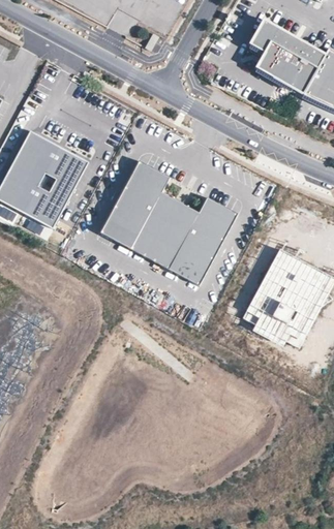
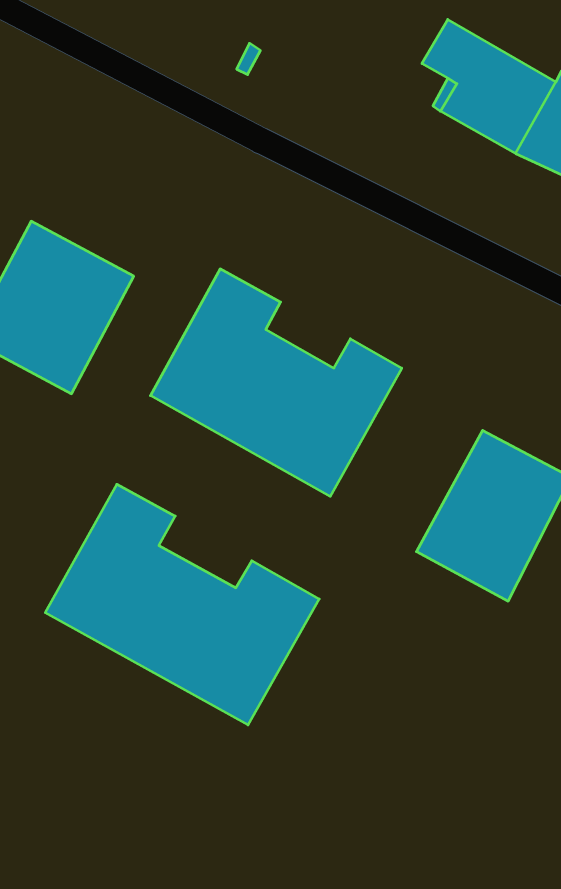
building: none -> [45,484,319,725]

